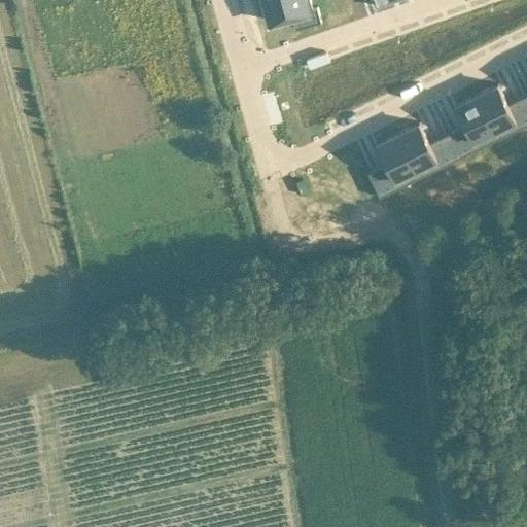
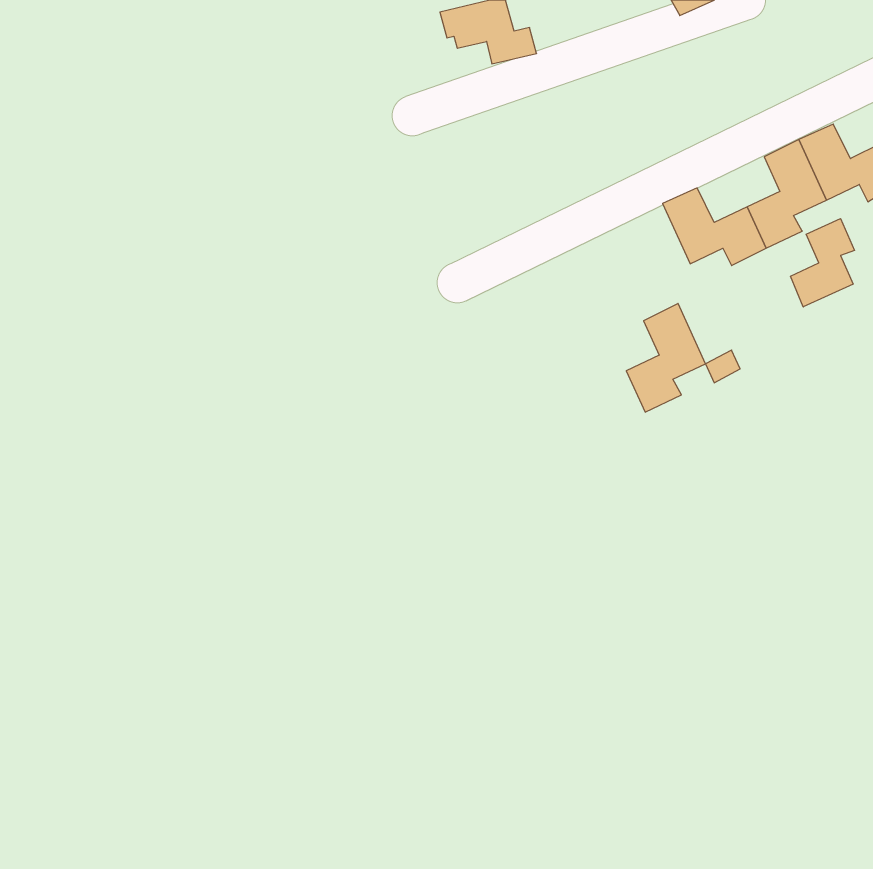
building: [370,129,417,194] -> [626,303,706,412]
building: none -> [790,219,854,307]

